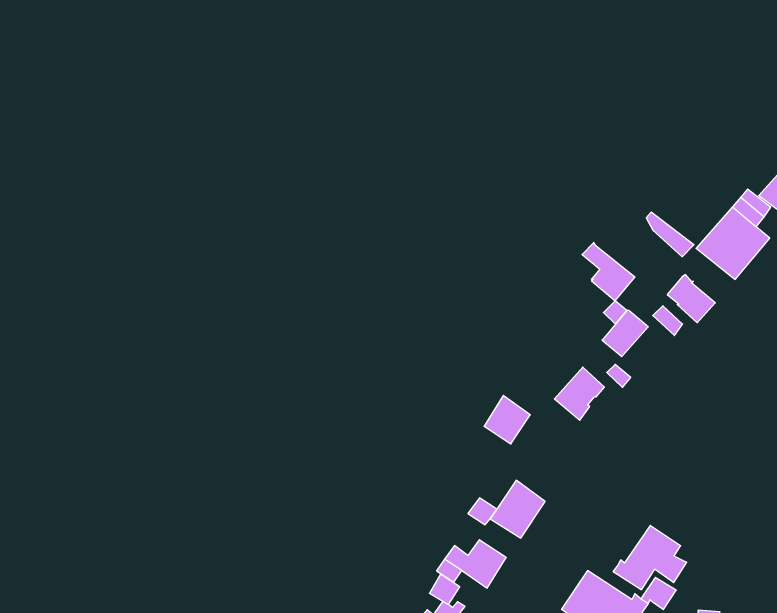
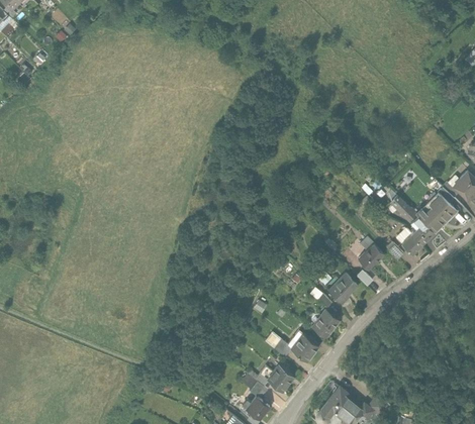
building: [582,242,635,301] -> [406,211,435,244]
building: [484,395,530,444] -> [312,309,339,336]
building: [613,525,687,590] -> none

